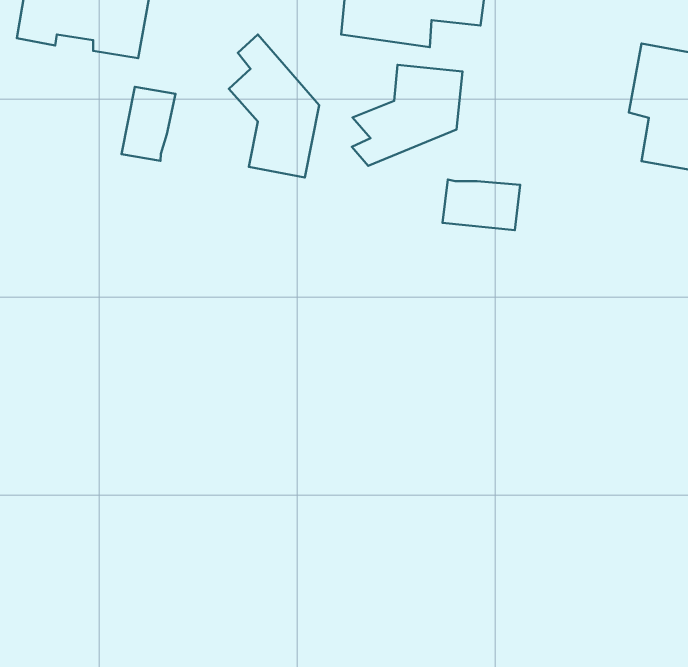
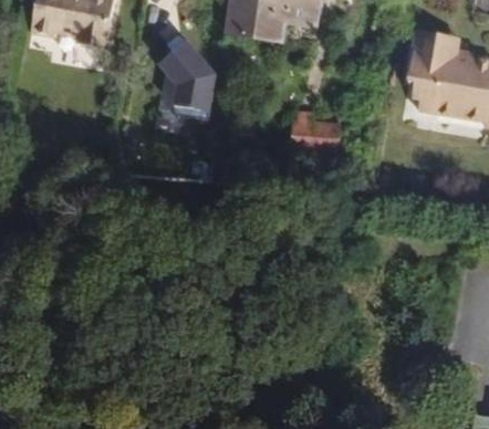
building: [352,65,462,166] -> none
building: [121,87,176,161] -> none

